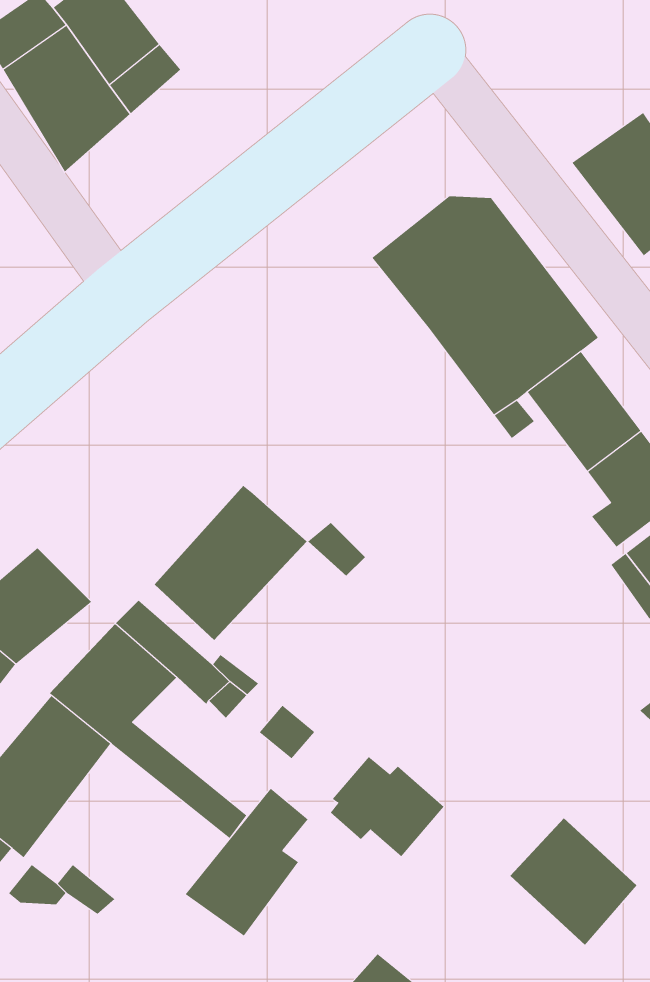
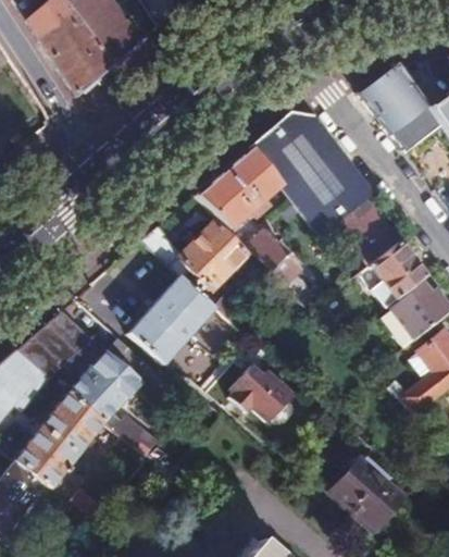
building: none -> [194,147,314,309]
building: none -> [142,222,245,288]
building: [330,756,444,857] -> [226,366,290,422]
building: [185,788,308,936] -> none

